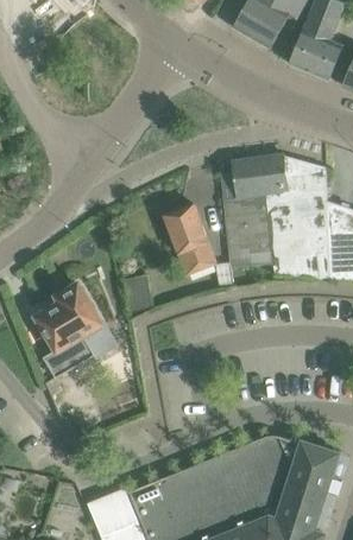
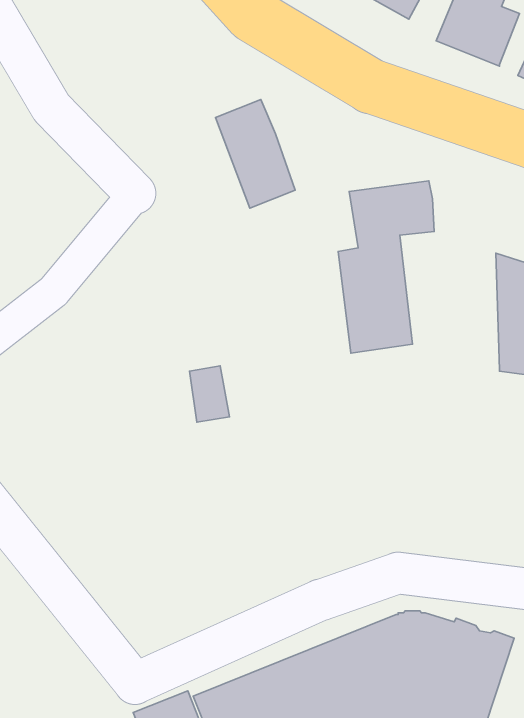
building: [264,160,329,278] -> none
building: [163,204,215,275] -> [216,99,295,208]
building: [37,285,118,379] -> none

